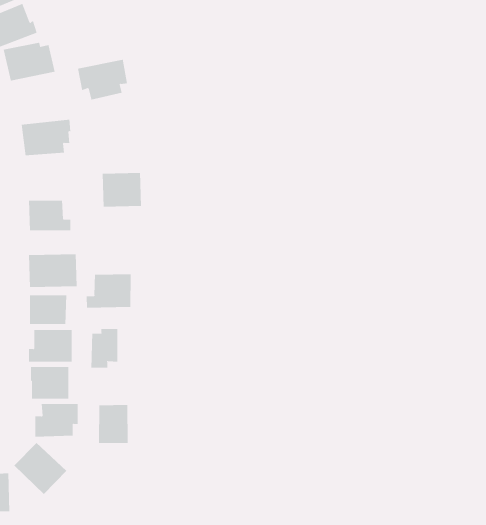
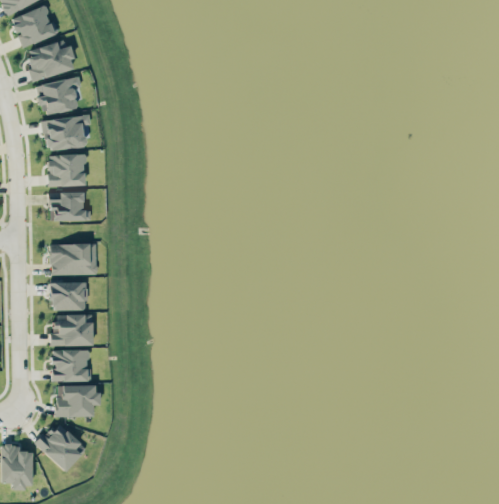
building: [77,59,128,100] -> [35,76,83,115]
building: [102,173,142,207] -> [48,154,86,187]
building: [86,273,131,309] -> none
building: [91,328,118,368] -> none
building: [98,404,128,444] -> none

